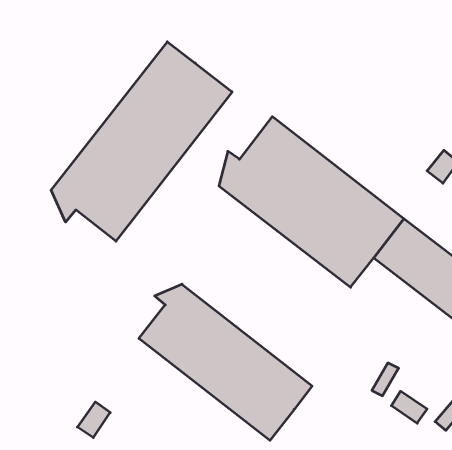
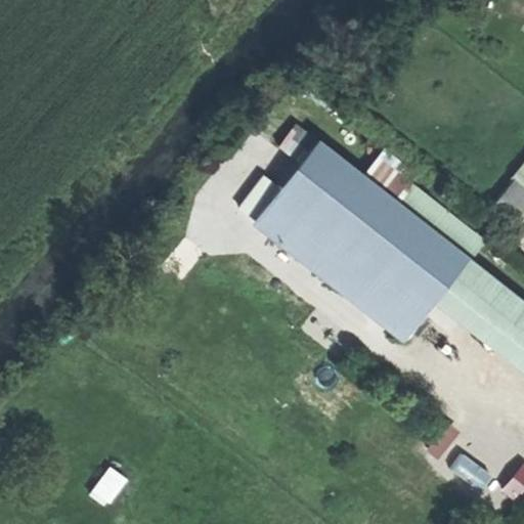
building: [51,42,232,241] -> none
building: [139,284,312,440] -> none

